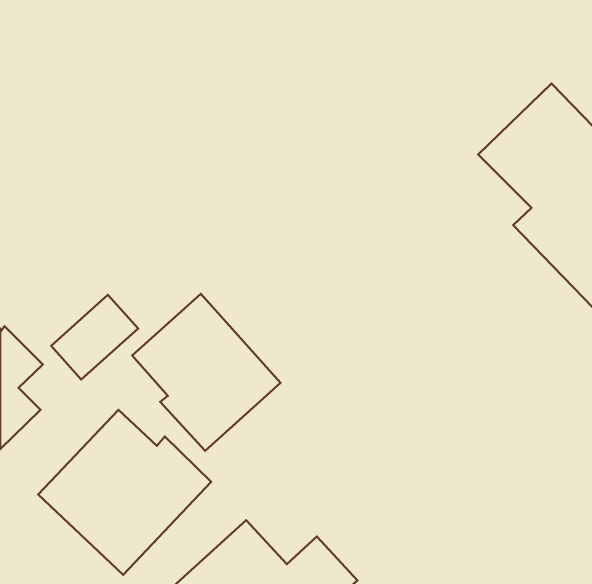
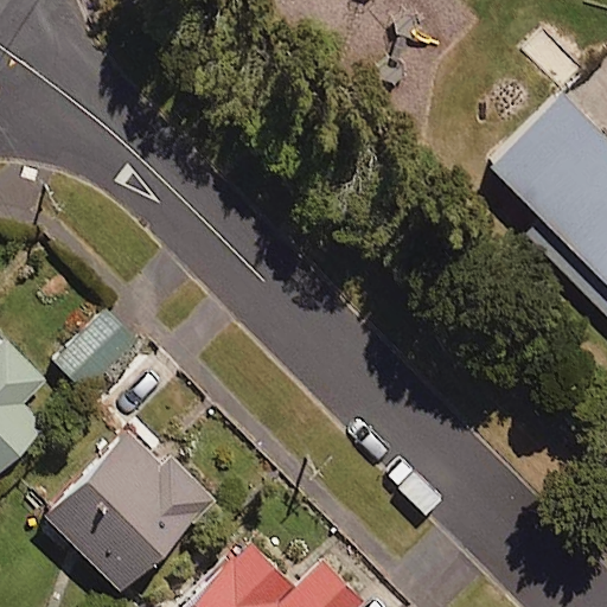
building: [132,294,281,451] -> none

